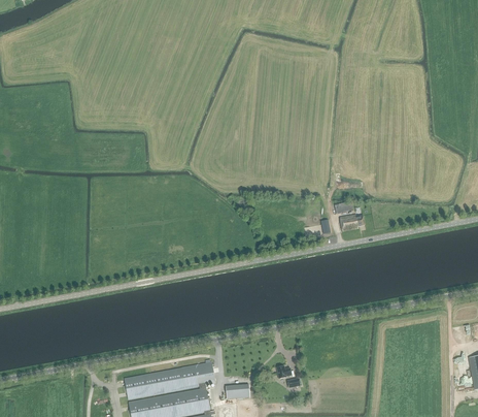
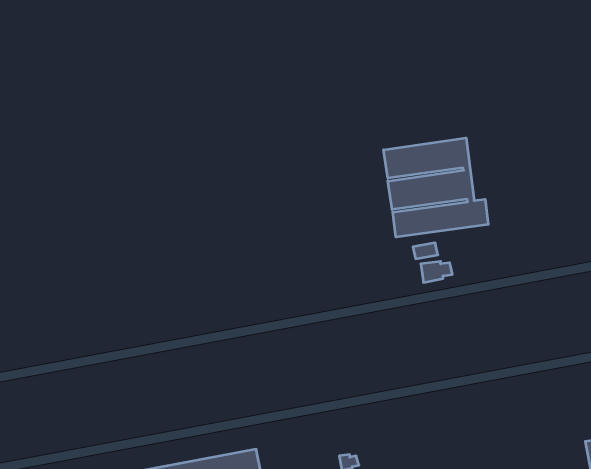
building: none -> [384,138,488,237]

